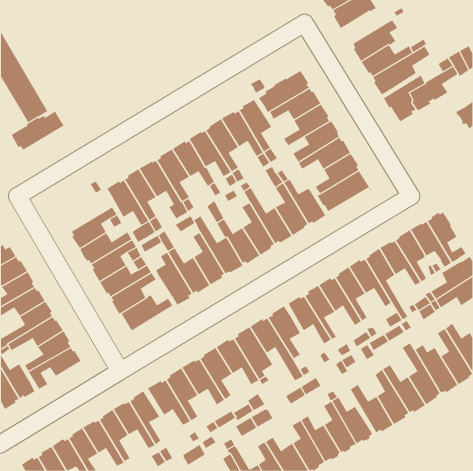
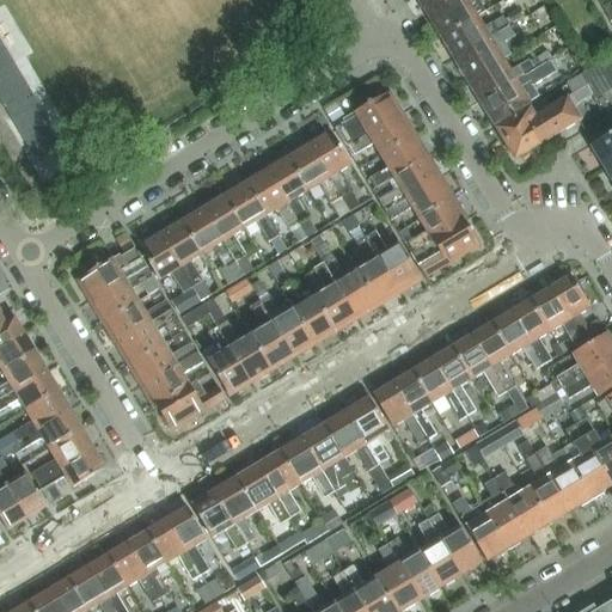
building: none -> [440,14,507,56]
building: [11,111,65,150] -> [76,247,146,299]

